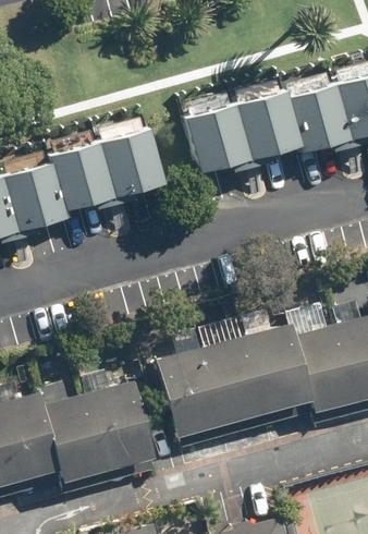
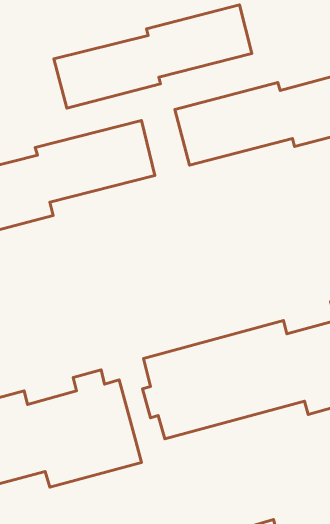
building: none -> [54,5,252,108]

